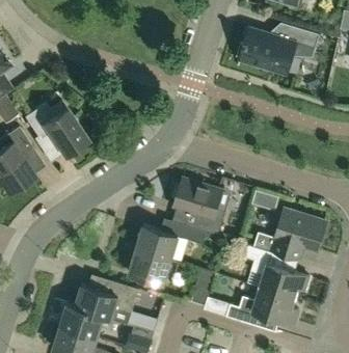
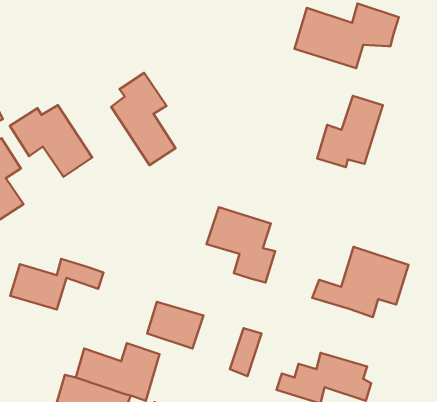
building: none -> [111,73,176,165]
building: none -> [317,96,383,167]
building: [136,221,207,260] -> [10,259,104,310]
building: [245,244,310,298] -> none

